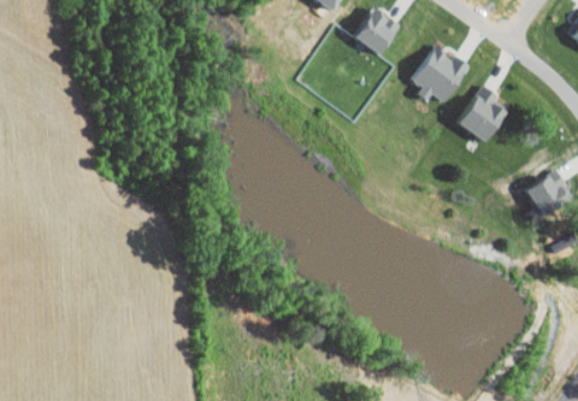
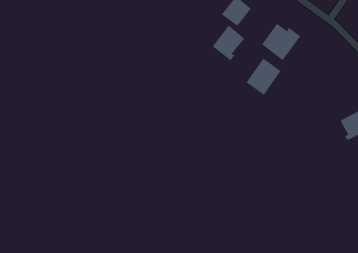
building: none -> [212,25,245,61]
building: [458,87,509,142] -> [246,57,282,96]

